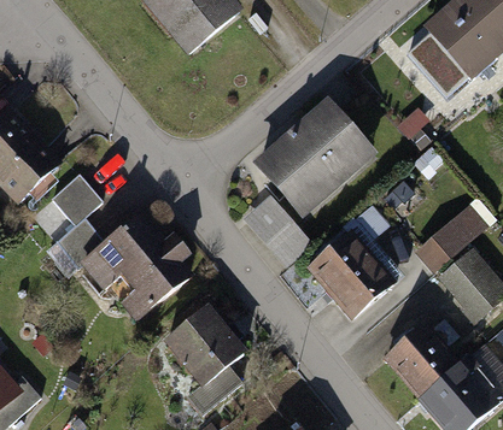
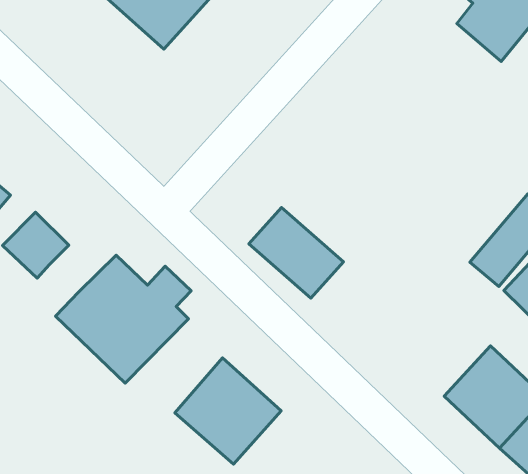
building: [256,96,376,213] -> none
building: [54,214,104,263] -> none
building: [309,229,398,320] -> none

